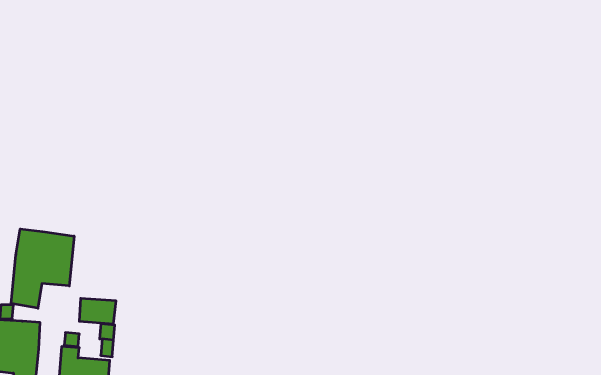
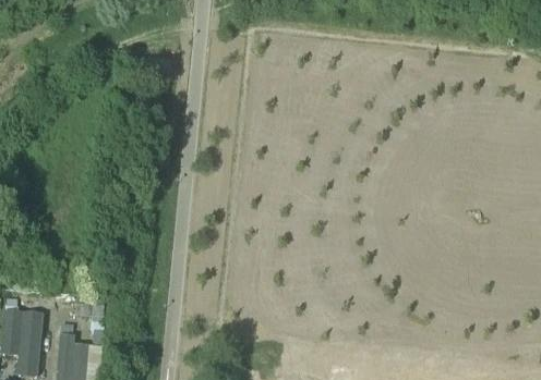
building: [11,229,74,308] -> none

